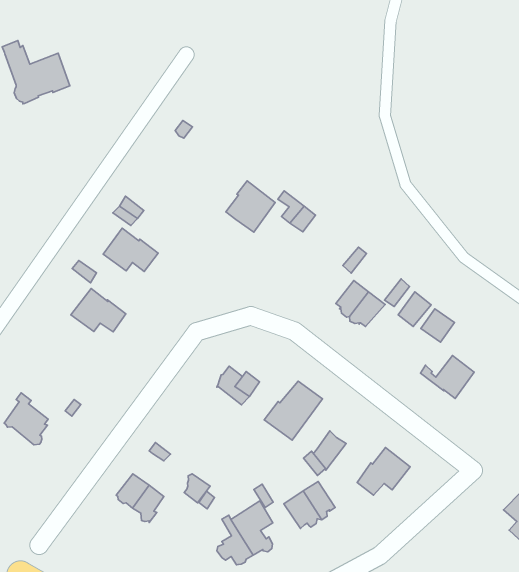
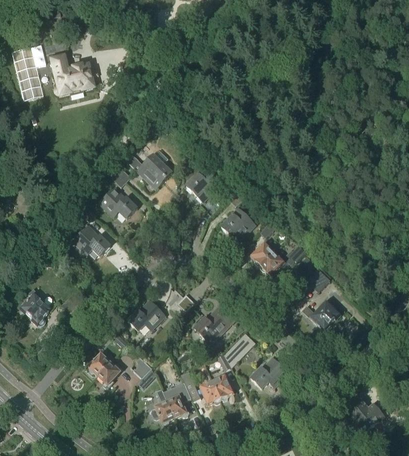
building: none -> [126,149,172,188]
building: none -> [221,207,255,242]
building: none -> [128,299,165,330]

